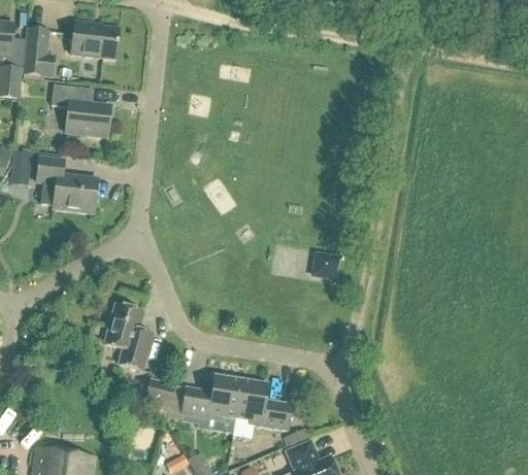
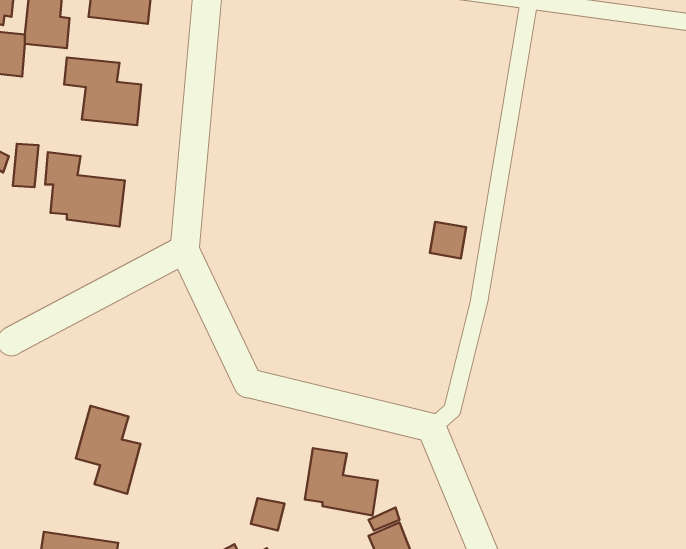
building: [310,251,338,279] -> [430,222,466,258]
building: [102,304,152,371] -> [76,406,141,494]
building: [143,375,173,406] -> none
building: [180,376,241,421] -> none

